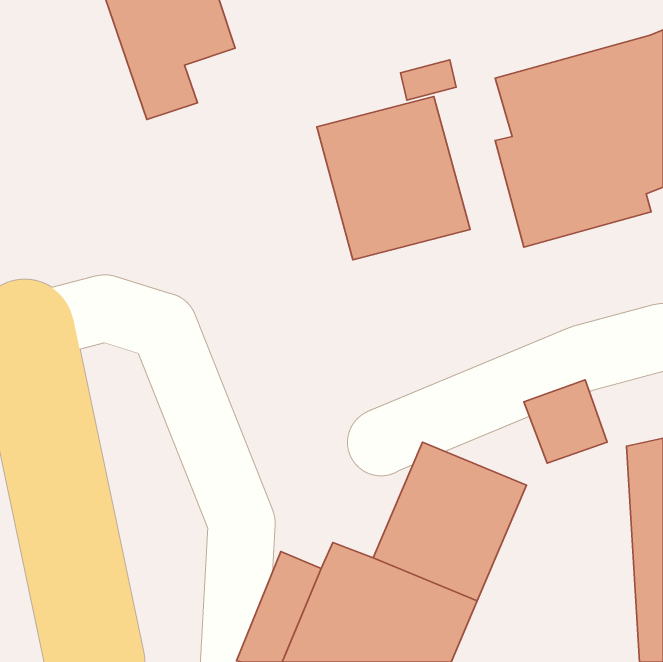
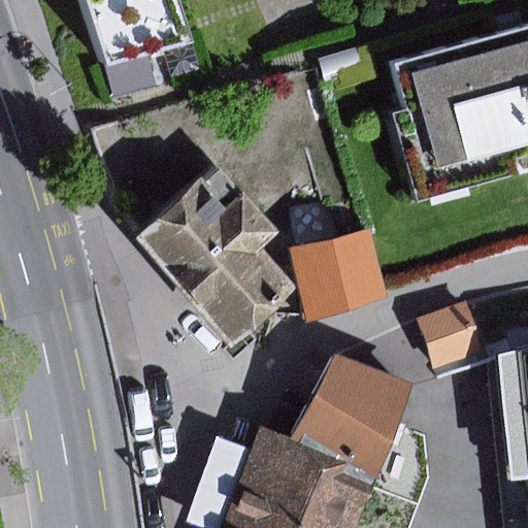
building: [317,97,470,260] -> none
building: none -> [139,167,297,345]
building: none -> [294,232,385,319]

